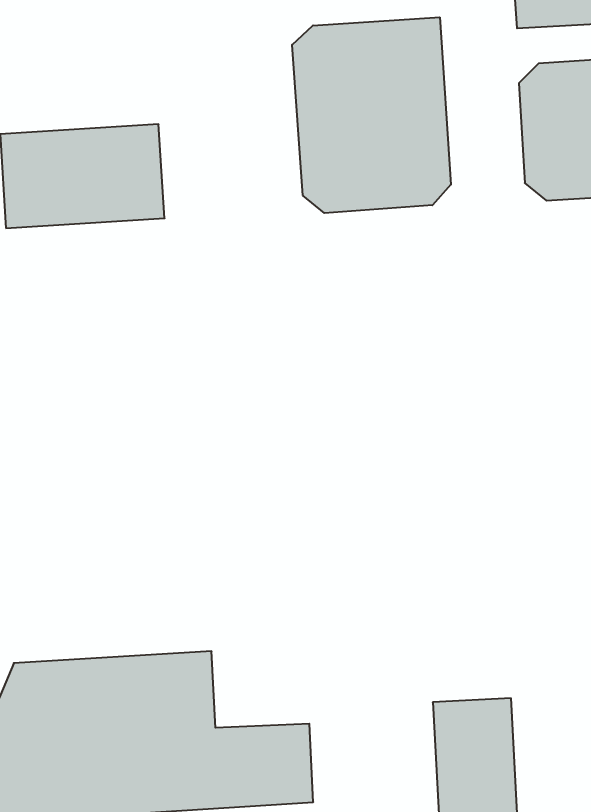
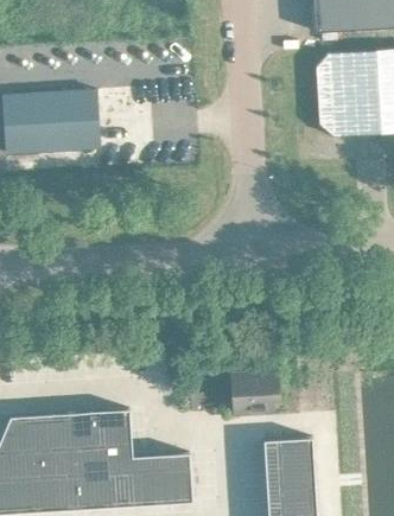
building: [292,17,451,213] -> none
building: none -> [230,371,279,416]

